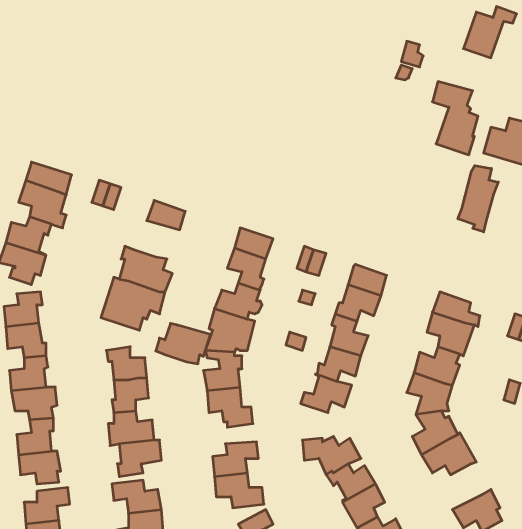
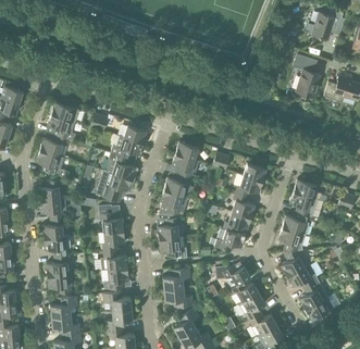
building: [458,166,498,232] -> none
building: [156,323,211,364] -> [111,136,144,160]
building: none -> [300,281,328,309]

